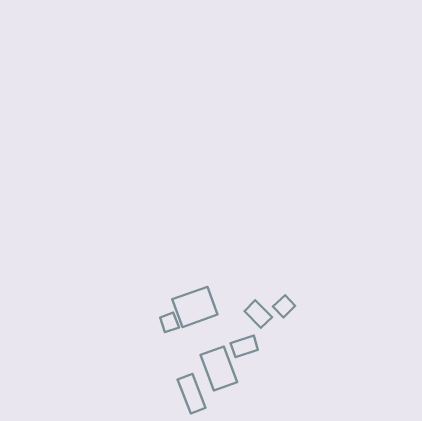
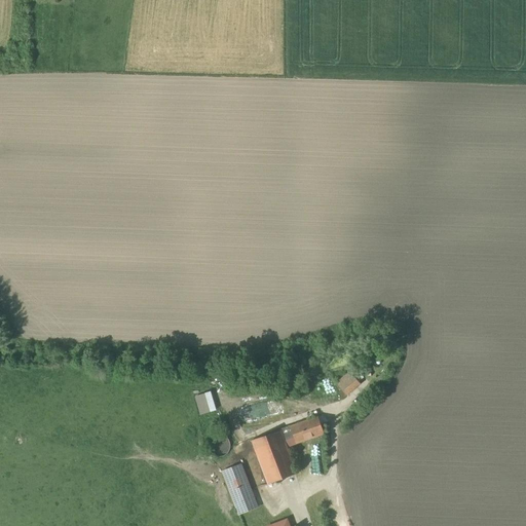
building: [172,287,218,327] -> none
building: [245,300,272,328] -> none

